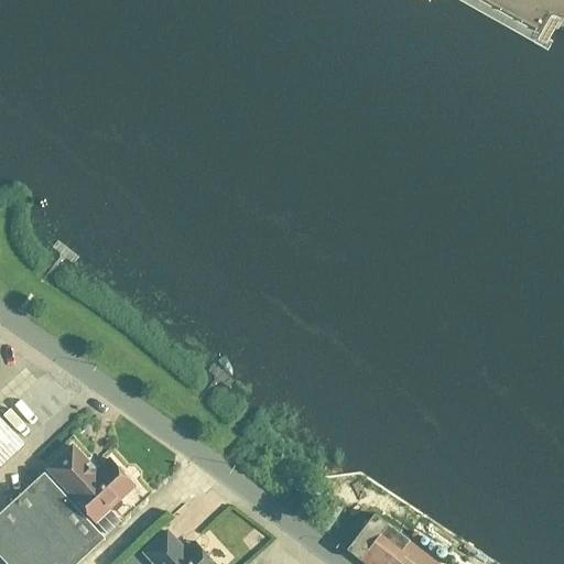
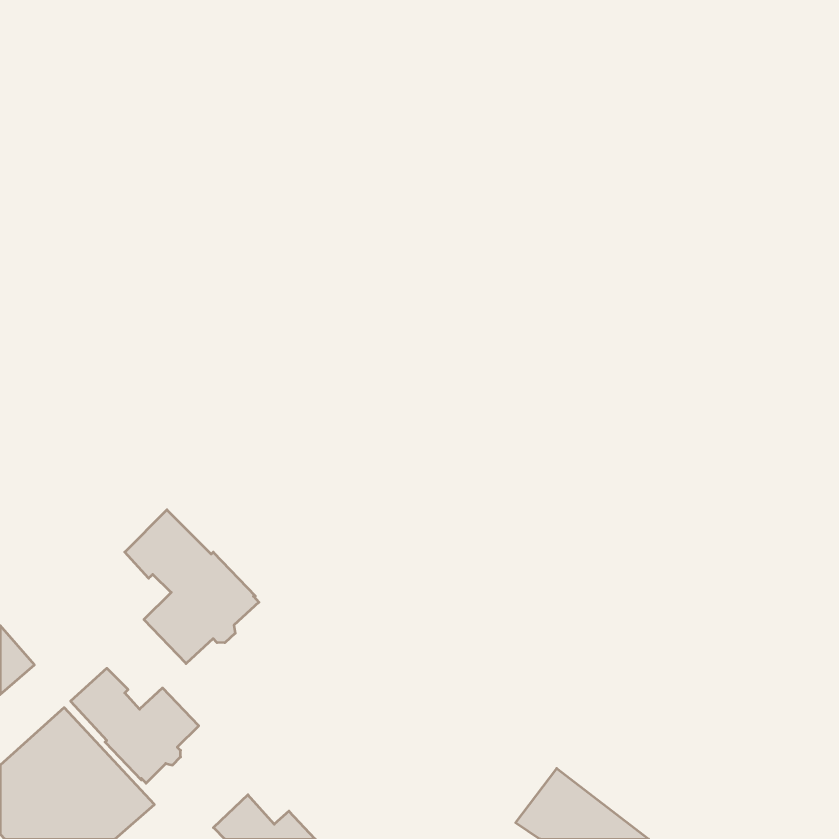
building: none -> [125,510,259,664]

